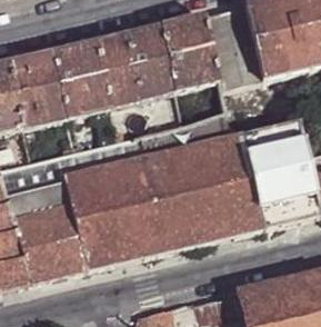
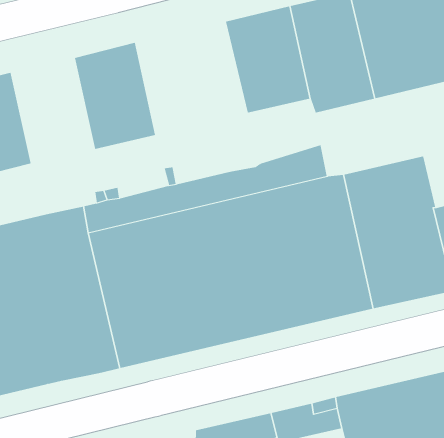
building: [97,26,175,106] -> none
building: [9,51,68,126] -> none

